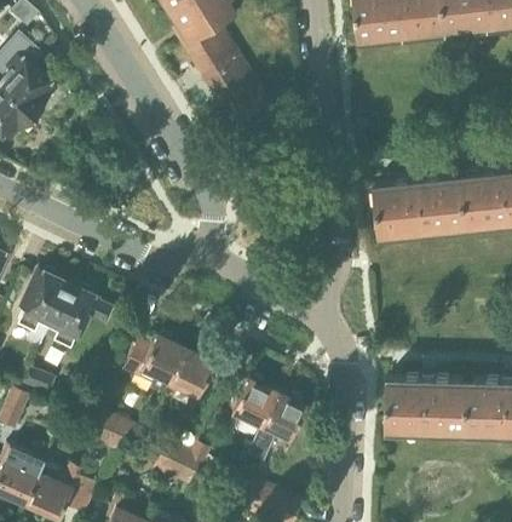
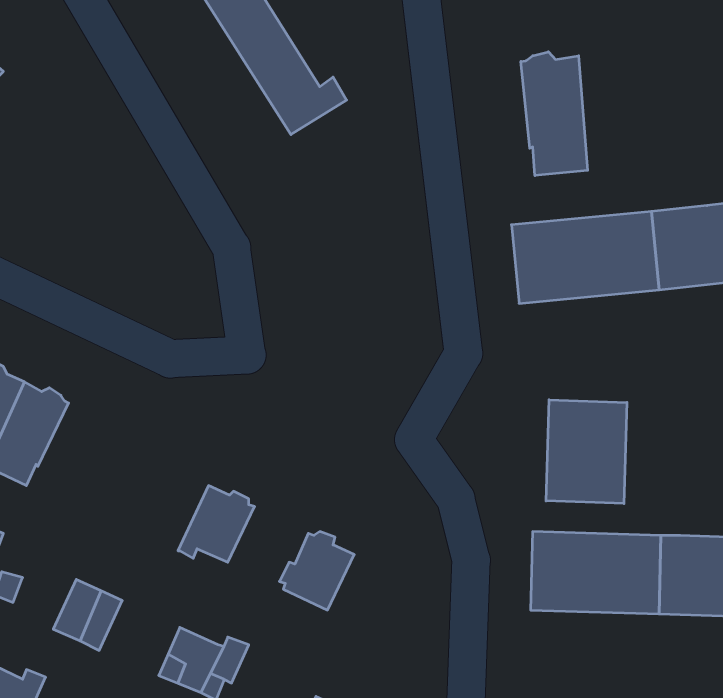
building: none -> [521,52,588,176]
building: none -> [546,400,627,504]
building: [122,337,184,397] -> none
building: [247,395,304,464] -> none

